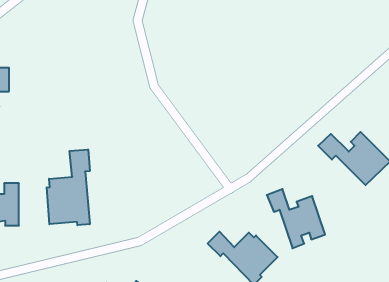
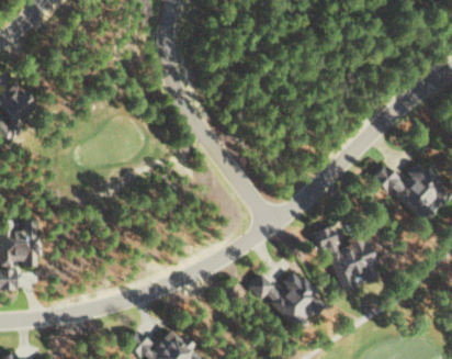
building: [47,149,90,225] -> none

